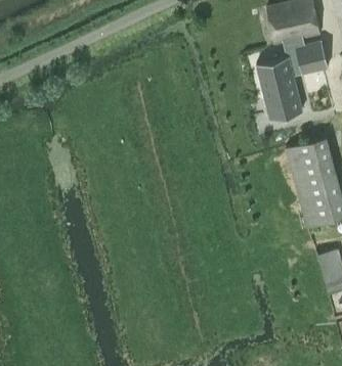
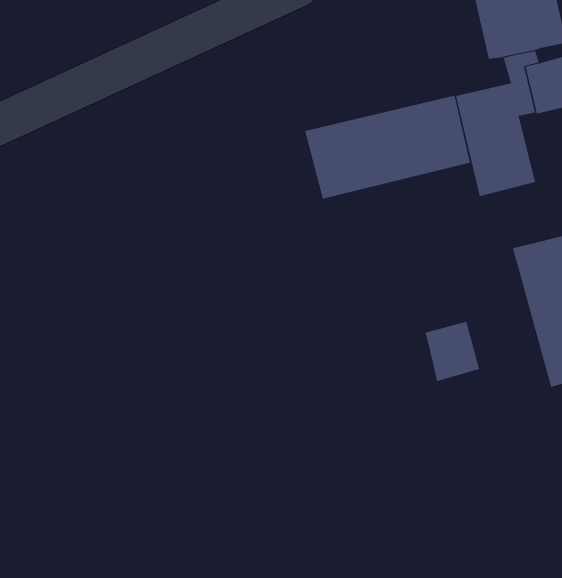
building: none -> [304,95,470,199]
building: none -> [425,321,480,382]

